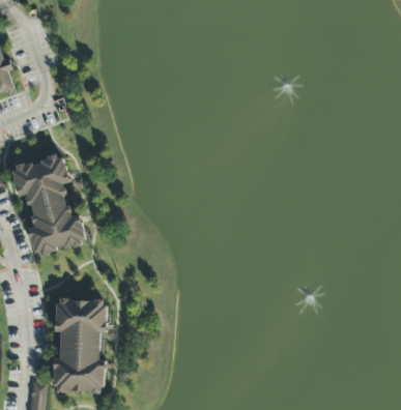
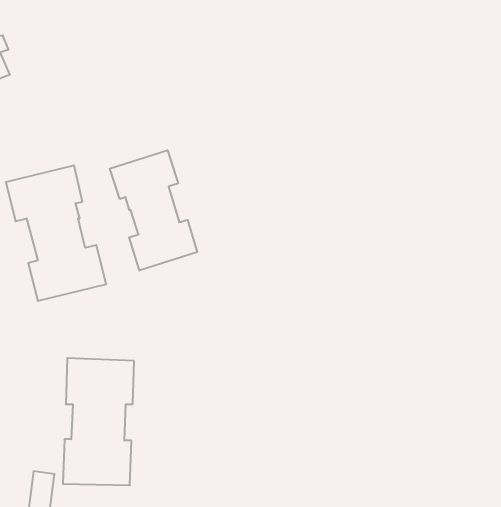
building: none -> [110,150,197,271]

